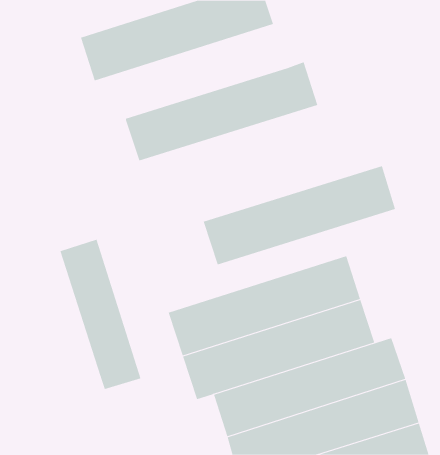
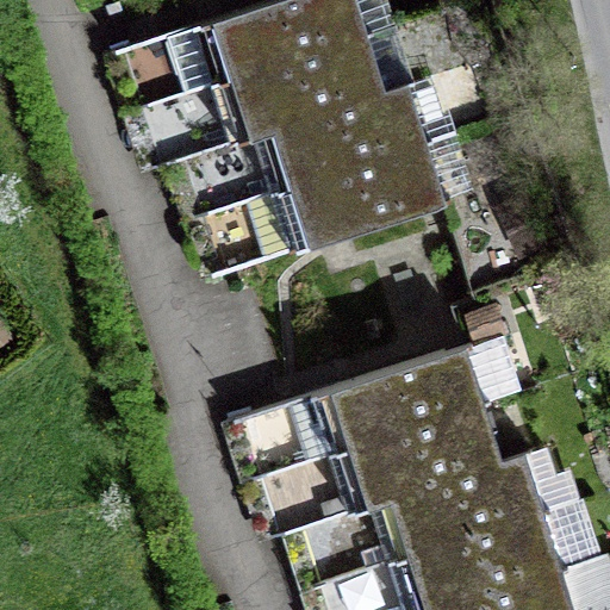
building: none -> [145,32,404,166]
building: [203,165,396,265] -> [205,141,463,274]
building: [60,239,141,390] -> none

